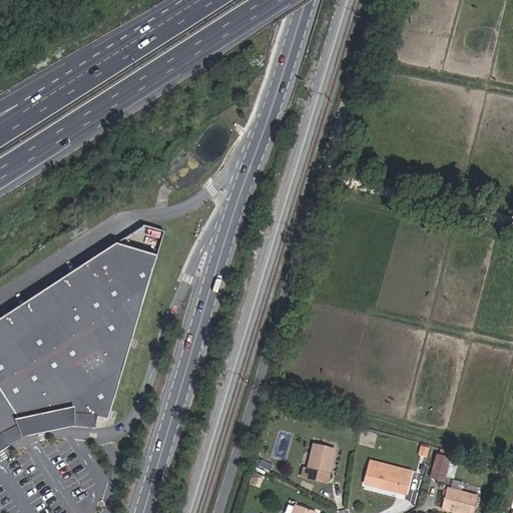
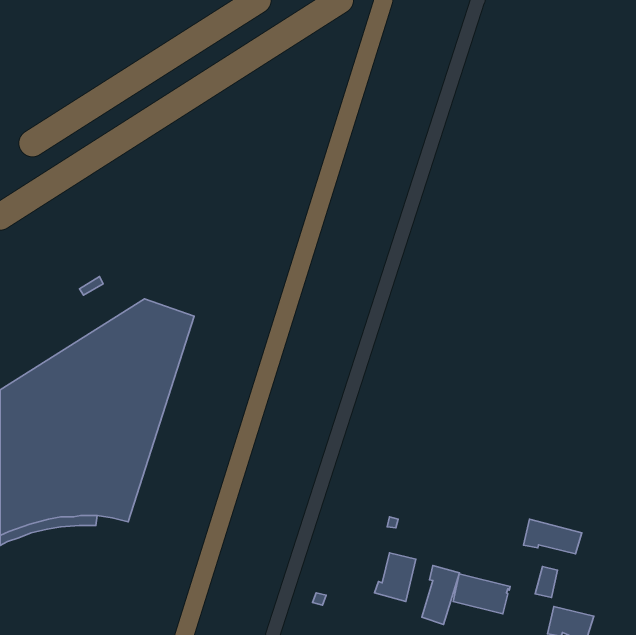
building: none -> [523,519,582,554]
building: none -> [422,566,460,625]

